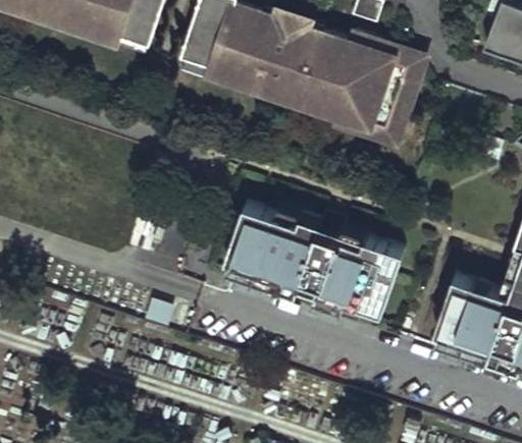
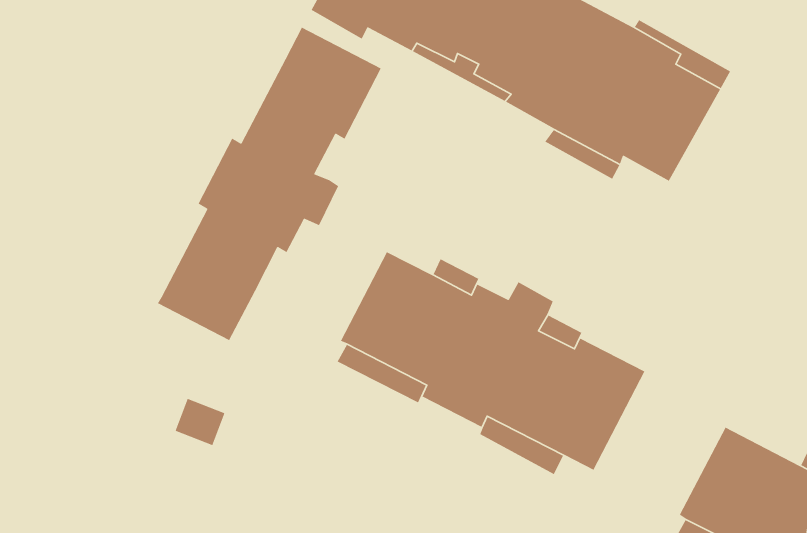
building: none -> [157,27,382,341]

